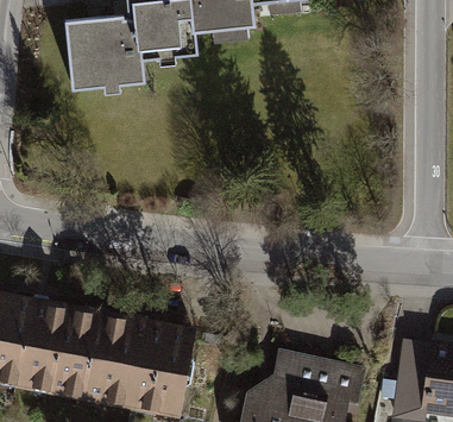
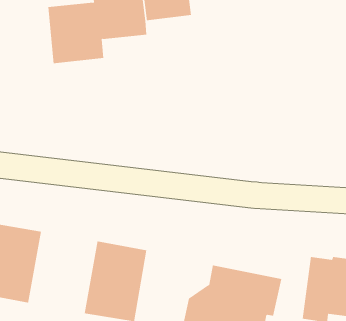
building: [43,304,130,409] -> none

